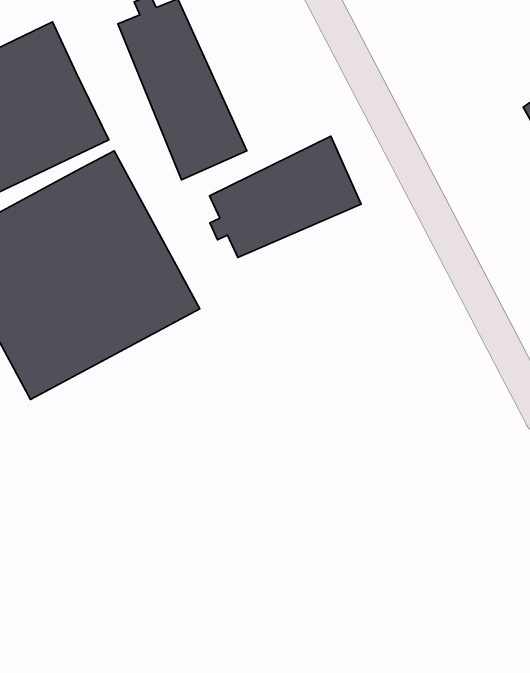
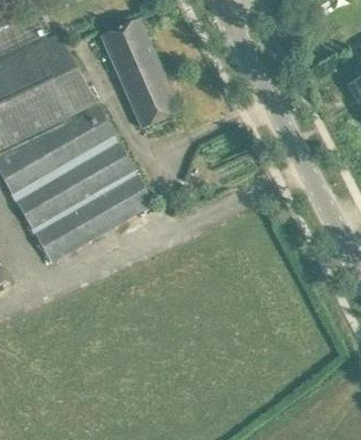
building: [210,136,361,257] -> none

